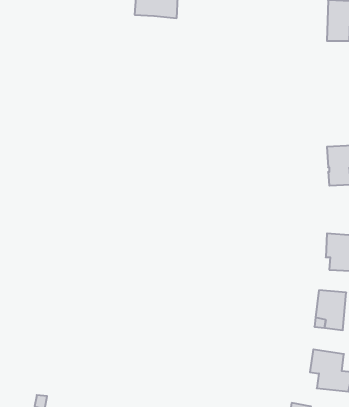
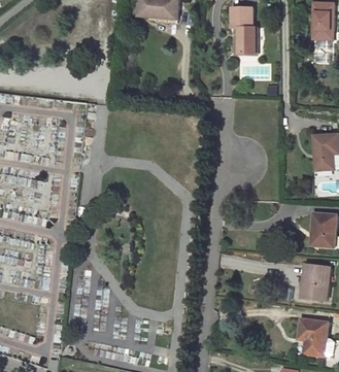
building: none -> [231,8,256,55]

